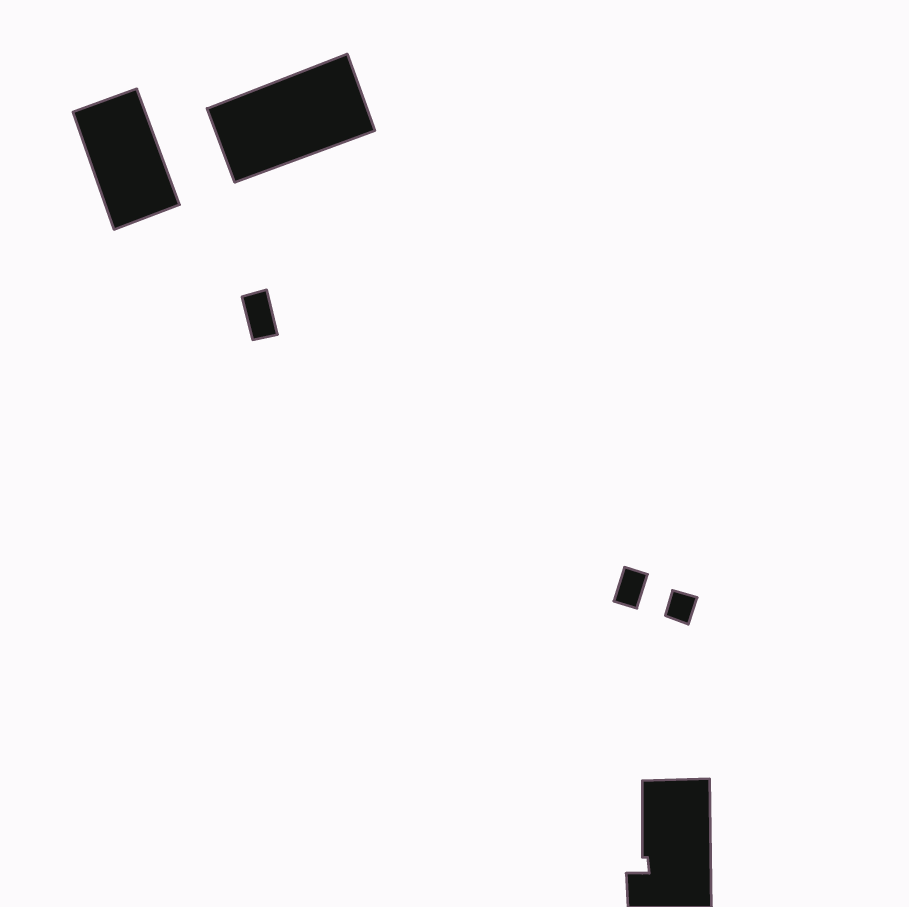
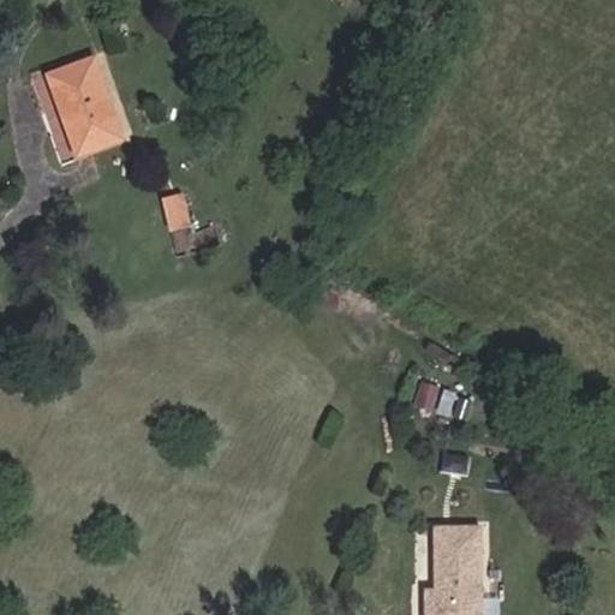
building: [207,54,375,182] -> none

